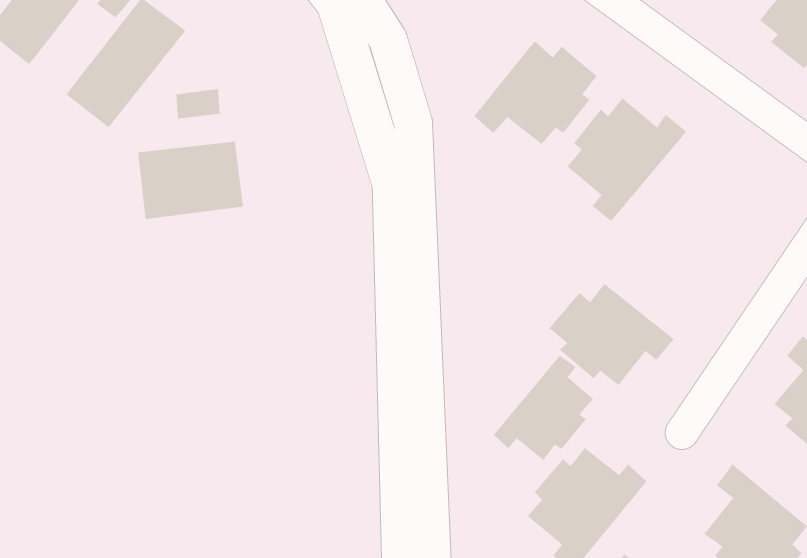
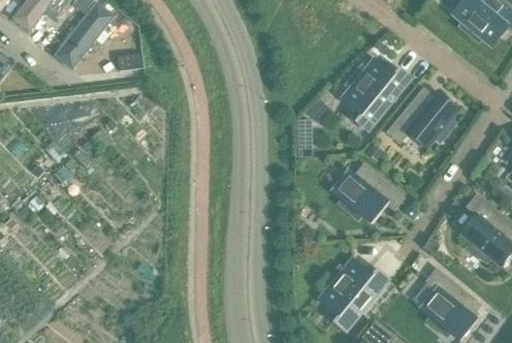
building: [473,40,598,145] -> [388,87,459,147]
building: [138,141,243,220] -> none
building: [493,355,594,461] -> none

